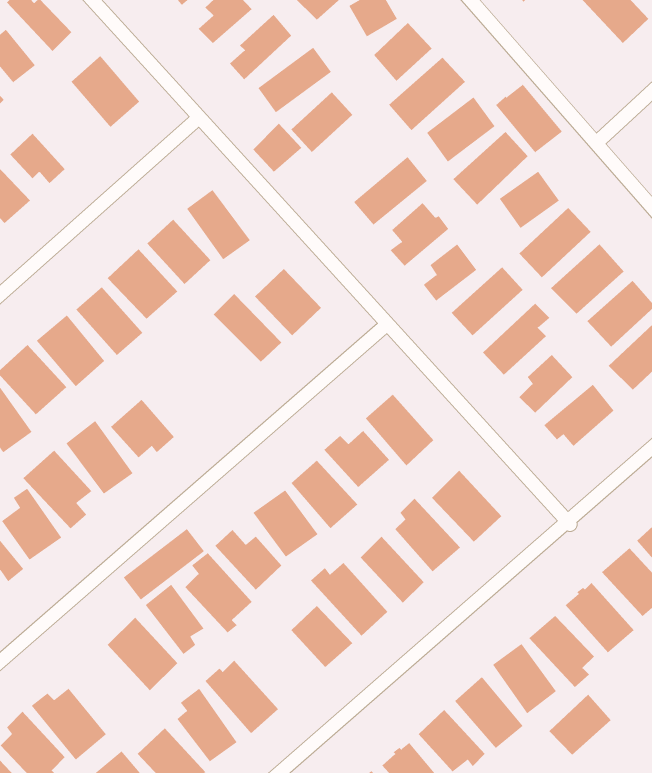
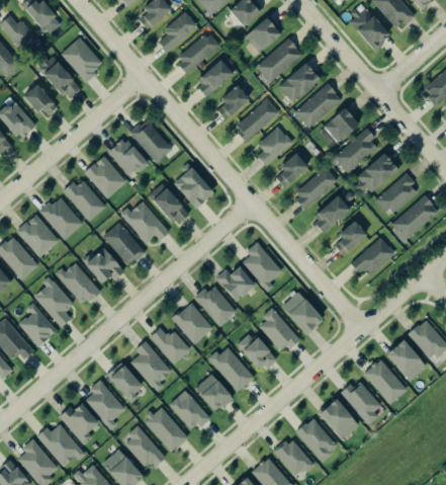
building: [495,84,563,153] -> [350,7,391,50]
building: none -> [38,56,80,99]
building: [252,123,302,172] -> [220,84,251,114]
building: none -> [121,199,169,243]
building: none -> [103,222,145,266]
building: [123,528,205,600] -> none
building: none -> [168,390,209,431]
building: none -> [60,402,99,446]
building: [548,694,612,755] -> none

